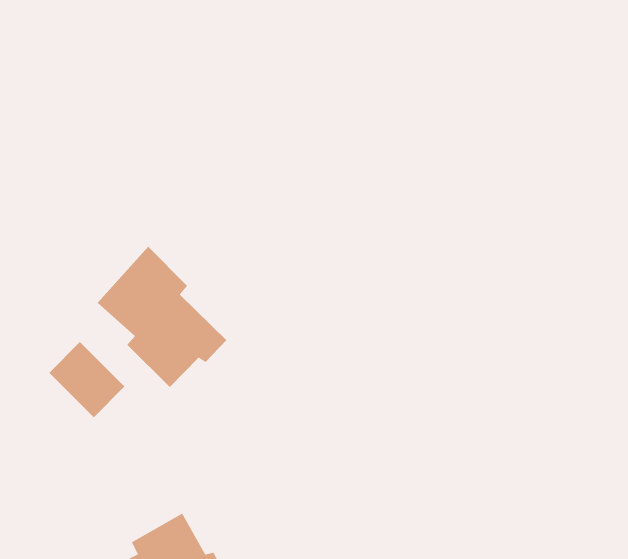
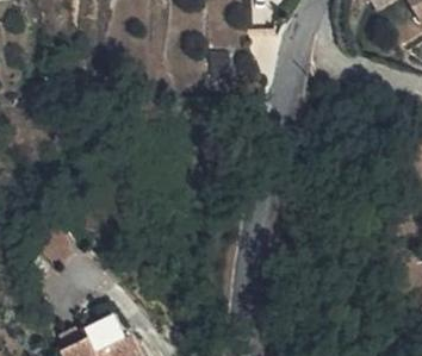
building: [97,246,227,388] -> none

